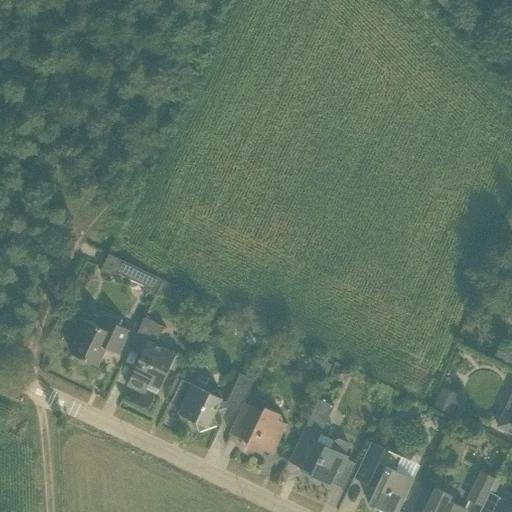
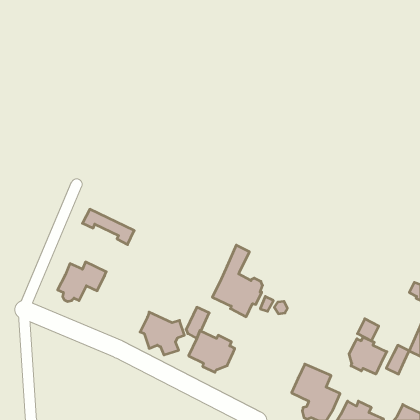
building: [128,318,181,394] -> none
building: [289,399,350,486] -> [212,245,263,317]
building: none -> [349,337,387,374]
building: [468,472,496,507] -> [386,345,409,374]

